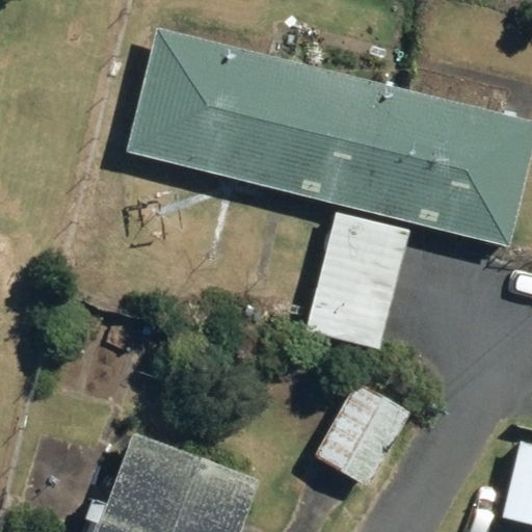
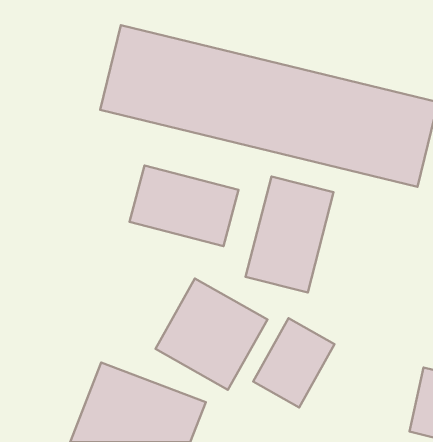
building: none -> [130,165,239,246]
building: none -> [155,278,267,390]

